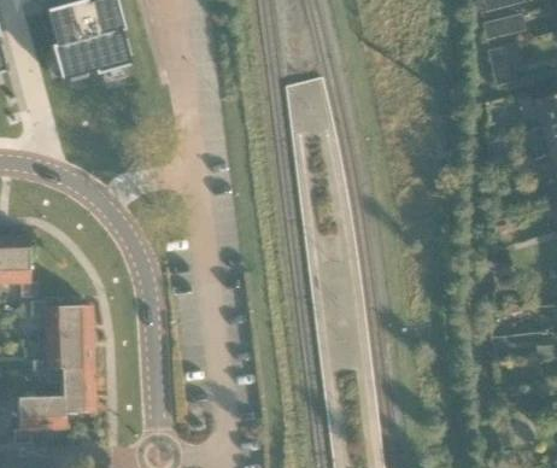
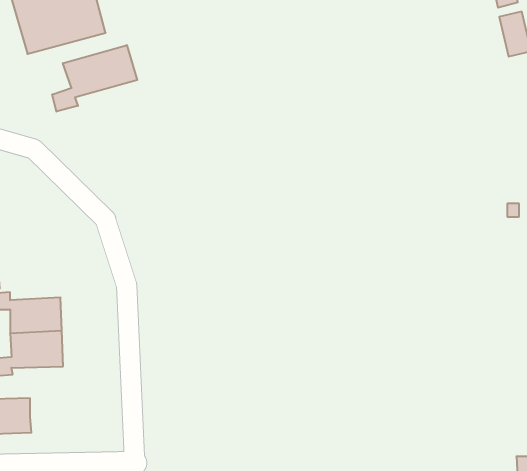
building: none -> [52,45,137,112]
building: [48,367,96,413] -> none

